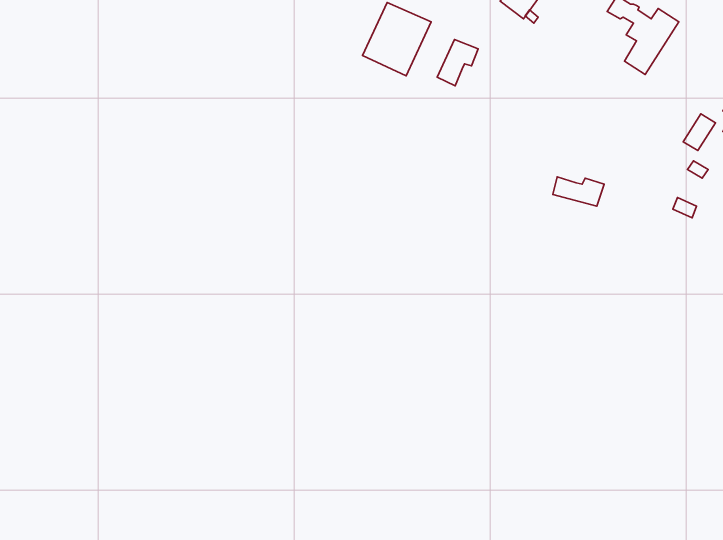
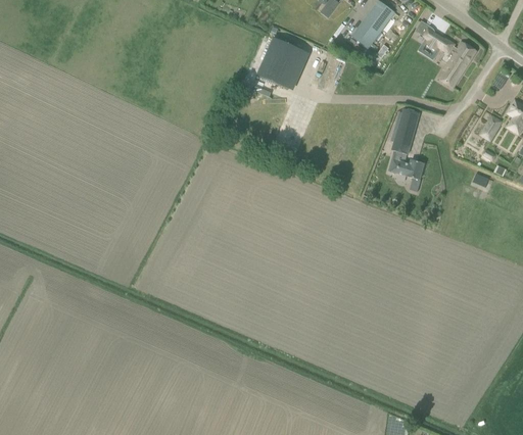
building: [437,39,478,86] -> none
building: none -> [391,107,419,154]

